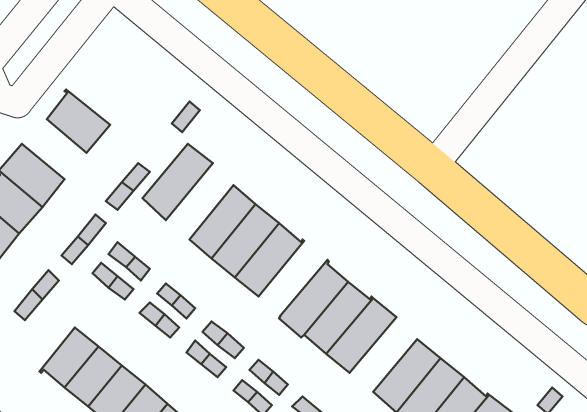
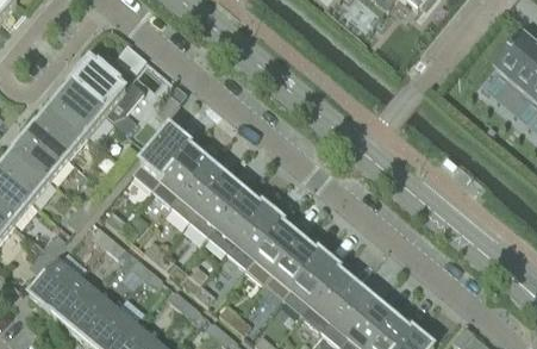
building: none -> [70,57,143,116]
building: none -> [35,105,87,154]
building: none -> [151,141,206,202]
building: none -> [226,204,282,264]
building: none -> [29,257,77,310]
building: none -> [300,266,355,326]

